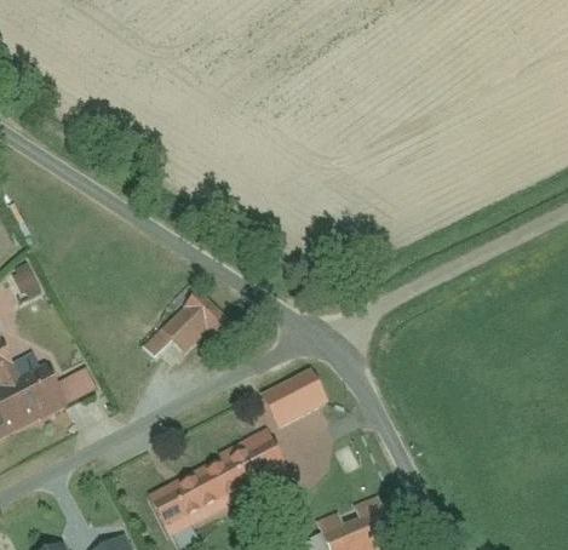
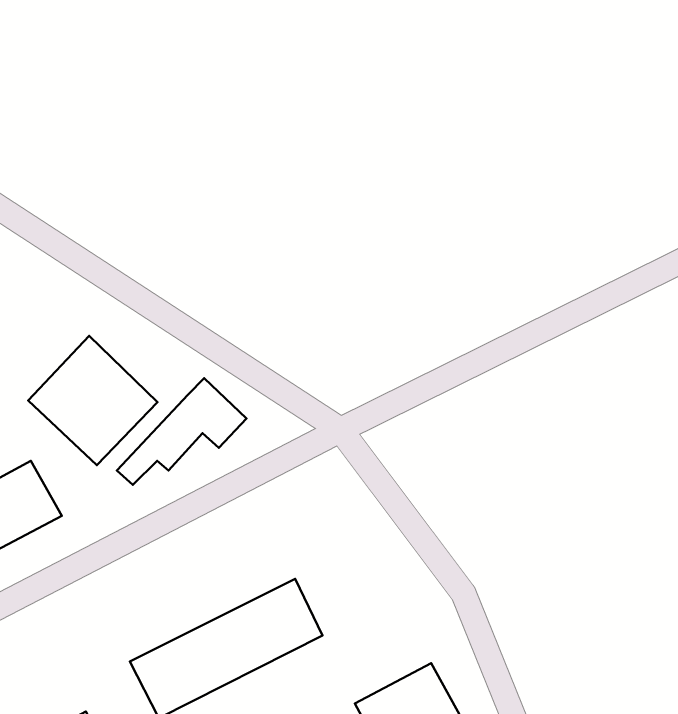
building: none -> [28,336,158,465]
building: [259,371,322,424] -> none

